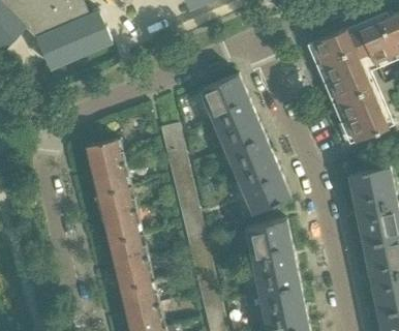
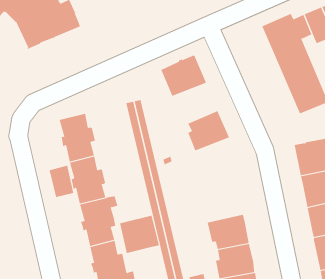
building: [212,107,264,152] -> none
building: [238,168,290,214] -> none
building: none -> [49,165,74,198]
building: [244,220,293,263] -> none
building: none -> [120,215,159,254]

